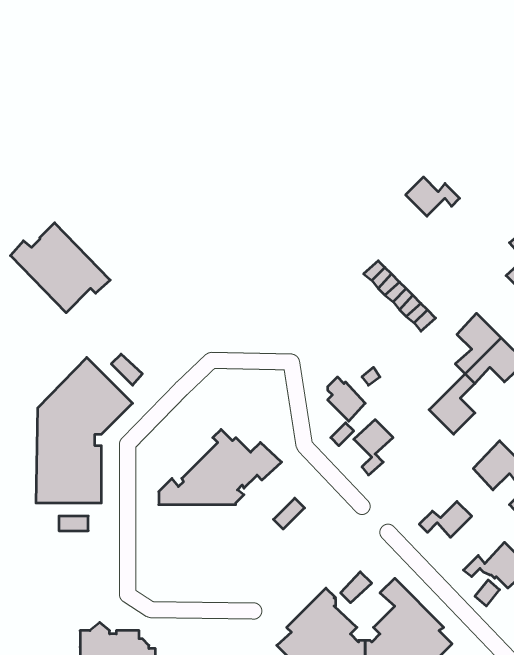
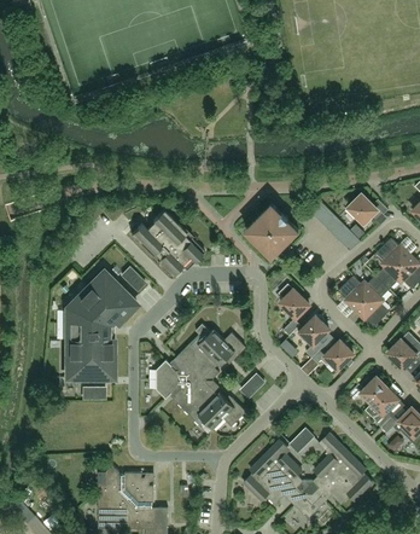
building: [406,177,460,216] -> [348,195,387,224]
building: [10,223,110,313] -> [130,210,204,277]
building: none -> [244,204,298,257]
building: none -> [338,275,381,309]
building: none -> [310,341,352,370]
building: none -> [156,379,245,435]
building: none -> [364,388,397,428]

